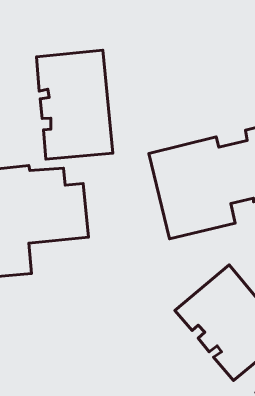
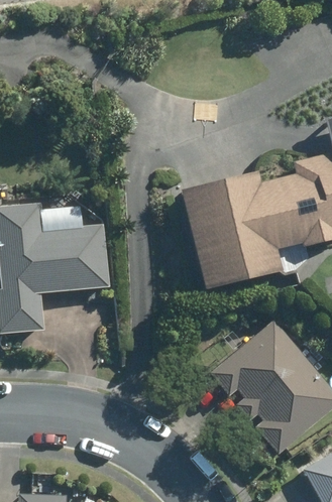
building: [36,50,113,159] -> none

